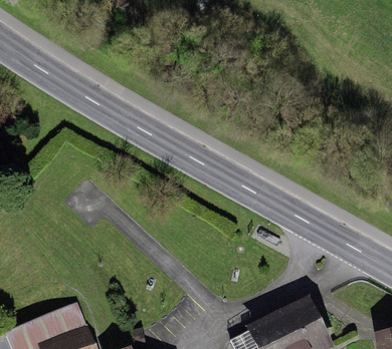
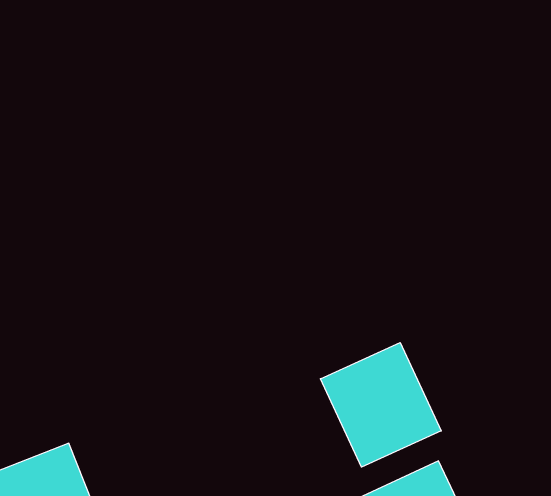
building: none -> [320,343,441,467]

